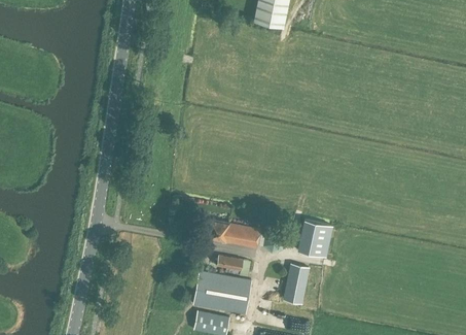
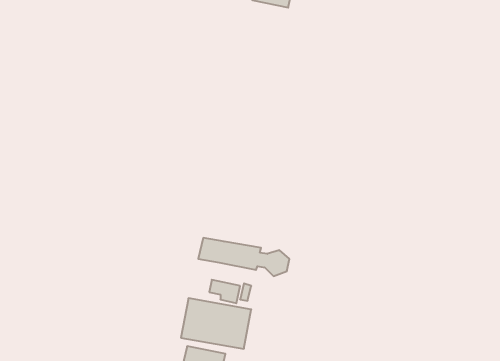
building: [297,223,331,259] -> none
building: [284,265,309,303] -> none

